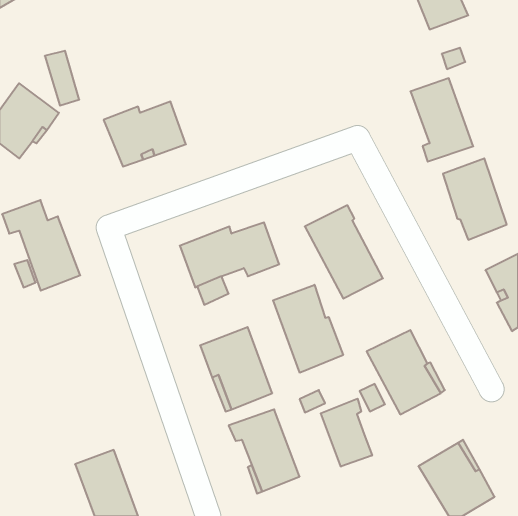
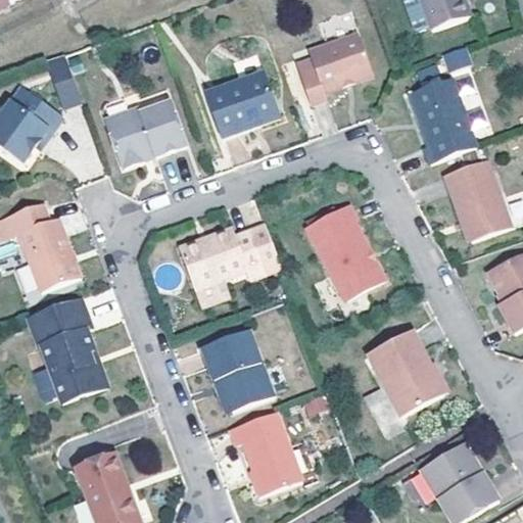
building: none -> [296,33,373,104]
building: none -> [204,73,278,138]
building: [273,285,343,373] -> none
building: none -> [28,298,107,403]
building: [321,399,372,467] -> none

